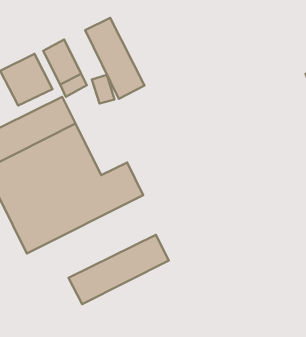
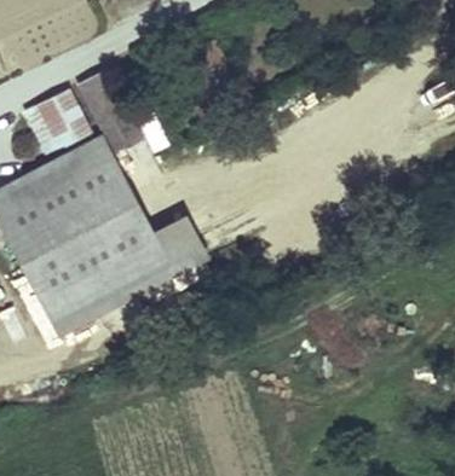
building: [85,18,144,99] -> none
building: [69,235,169,304] -> none

